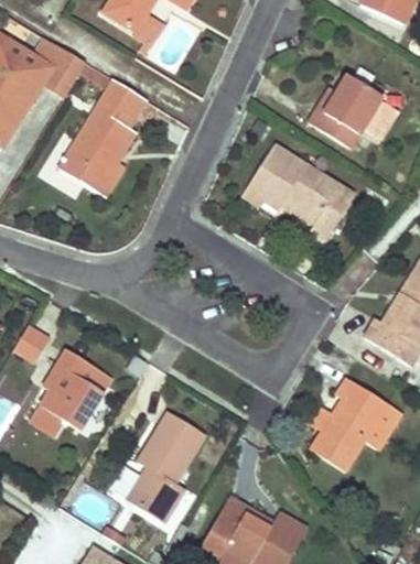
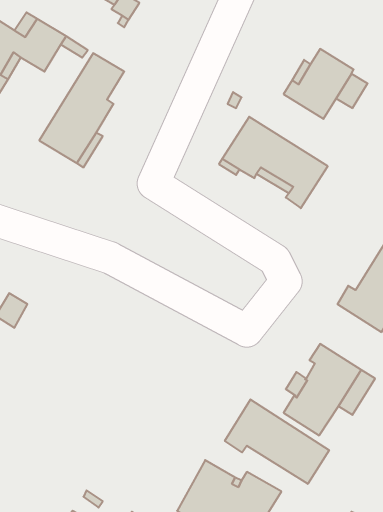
building: [31,348,110,433] -> none
building: [127,412,204,521] -> none
building: none -> [225,399,329,484]

